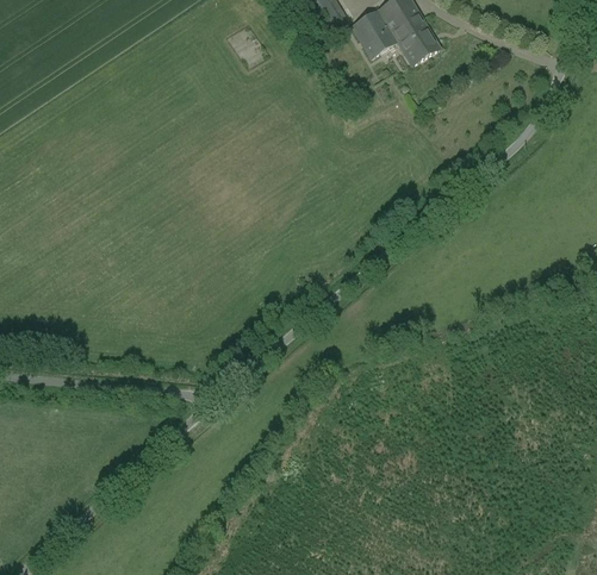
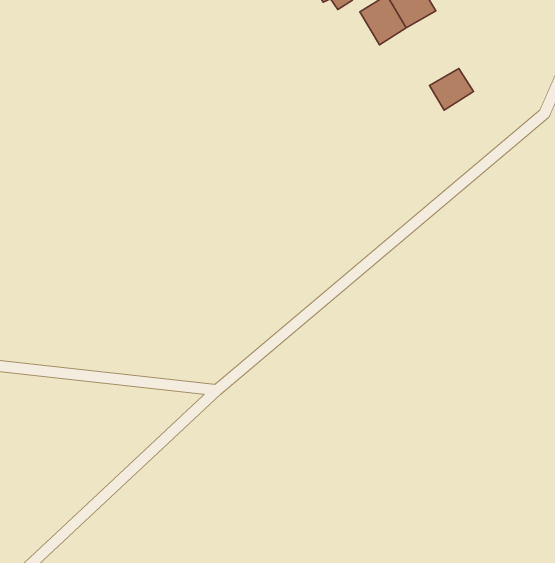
building: [399,23,442,63] -> [429,68,473,110]

